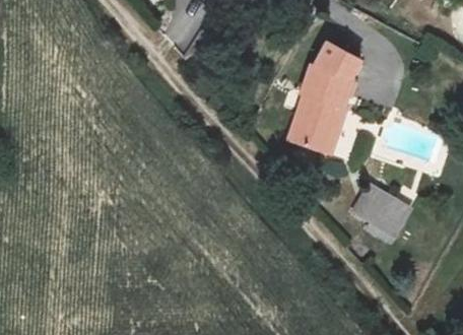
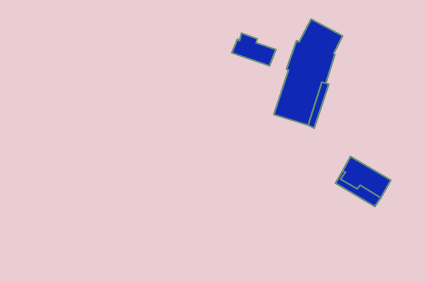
building: none -> [232,33,276,66]

